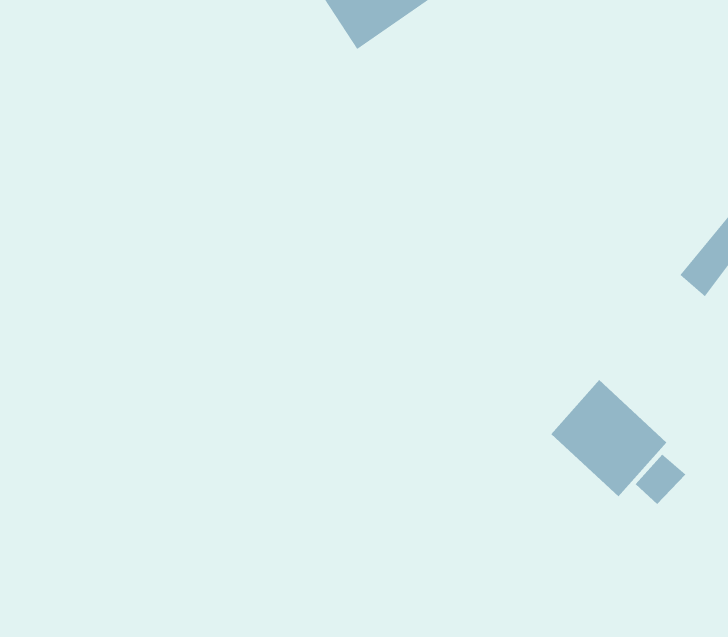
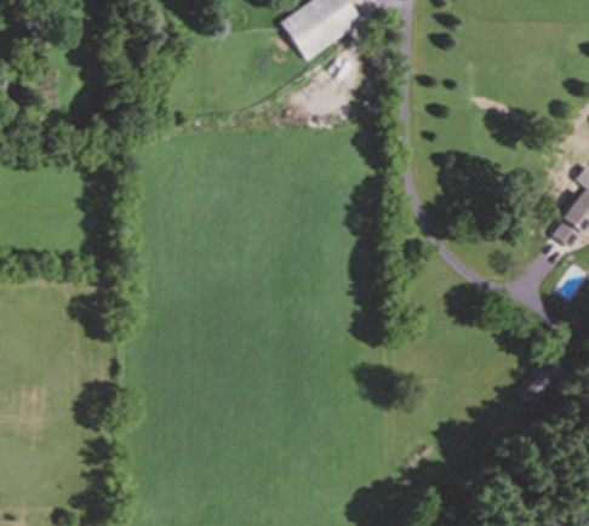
building: [551,379,667,497] -> none

